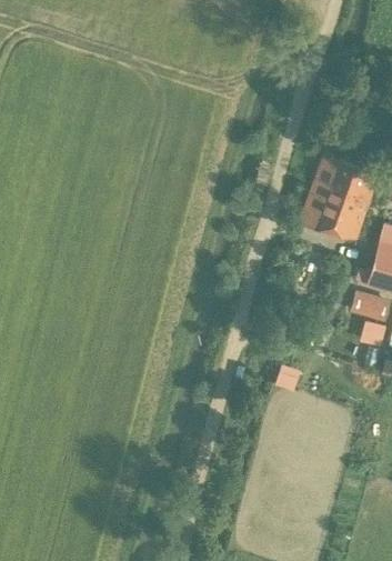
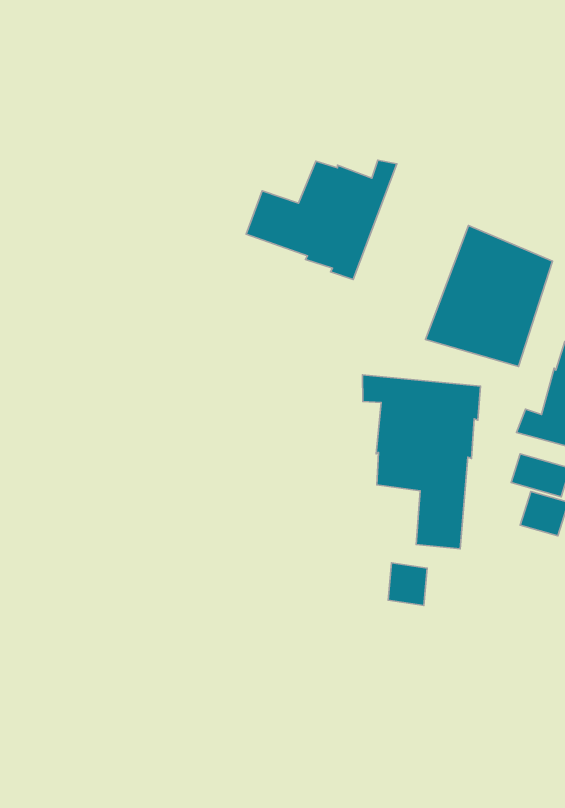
building: none -> [246,160,397,279]
building: none -> [362,375,480,549]

